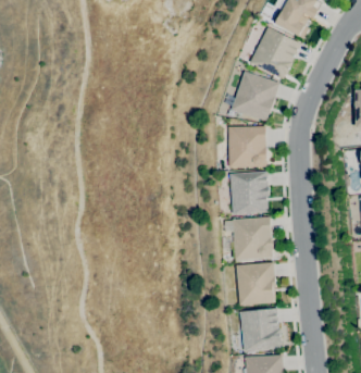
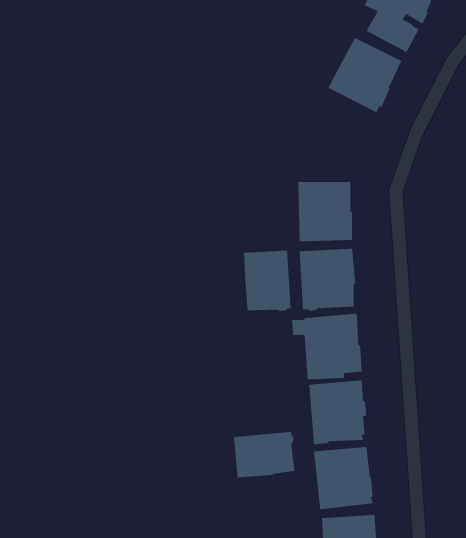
building: [232,71,278,121] -> none
building: none -> [244,250,291,312]
building: none -> [234,431,295,478]

